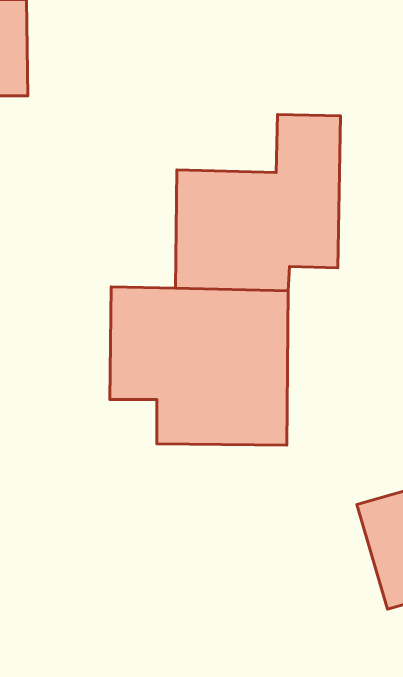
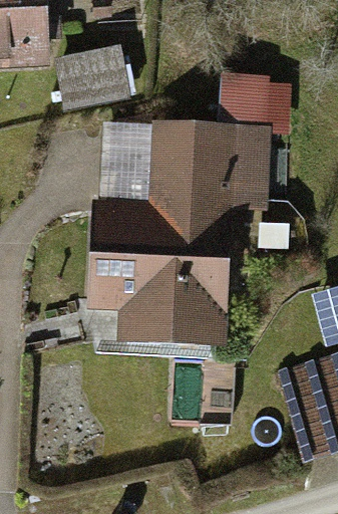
building: none -> [56,48,123,99]
building: none -> [99,127,148,216]

